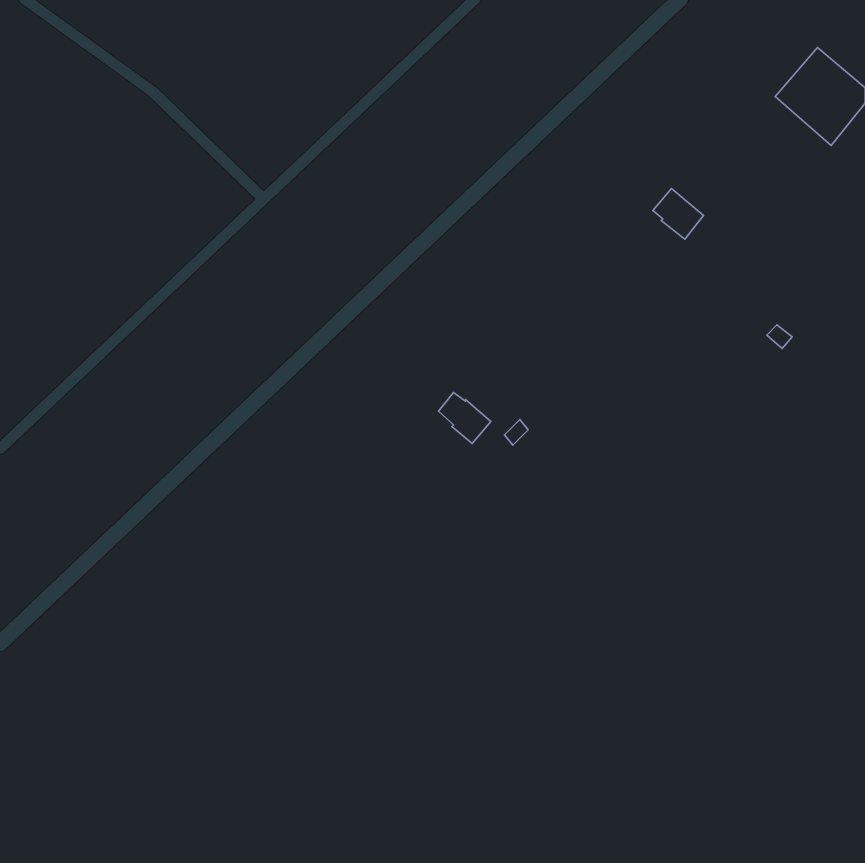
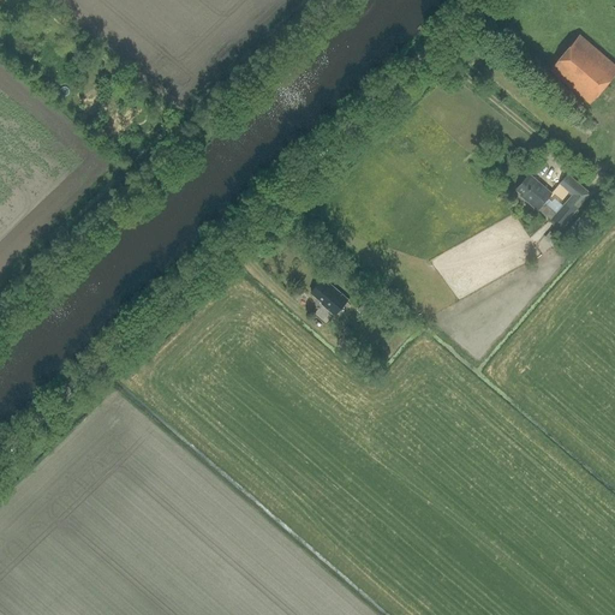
building: [653,188,704,239] -> [517,173,553,209]
building: none -> [549,173,591,229]

